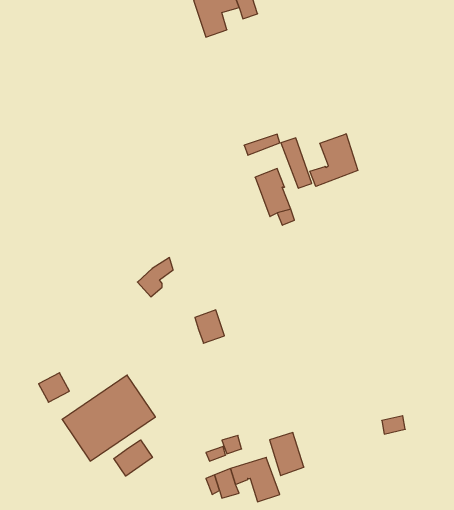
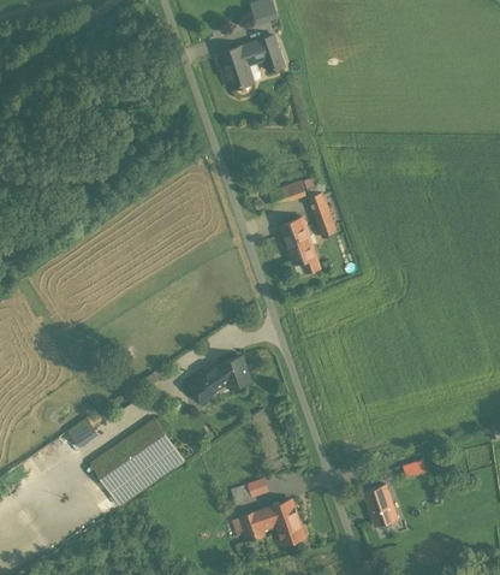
building: [310,134,358,186] -> none
building: [137,258,173,297] -> [191,363,226,402]
building: [270,433,304,476] -> [364,485,398,527]
building: [114,440,152,476] -> none

